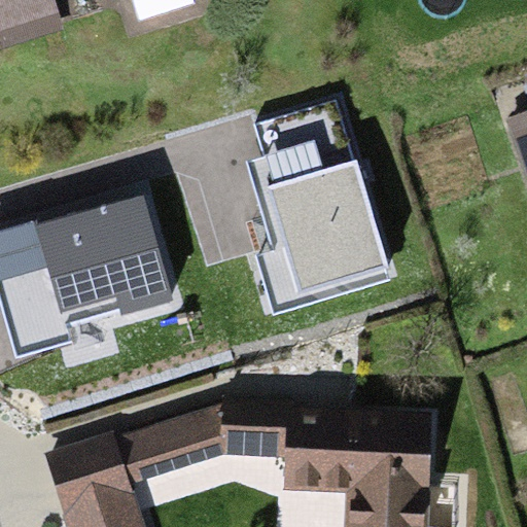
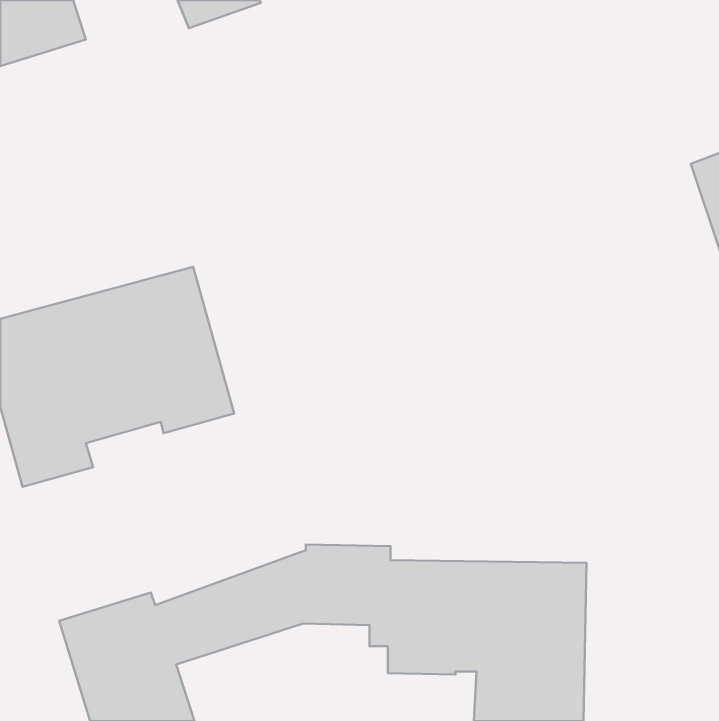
building: [249,101,390,315] -> none

